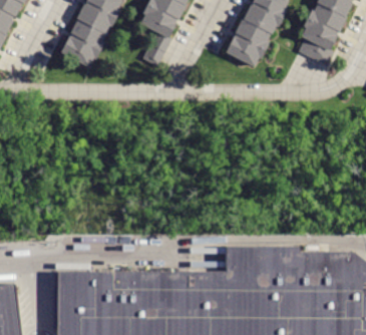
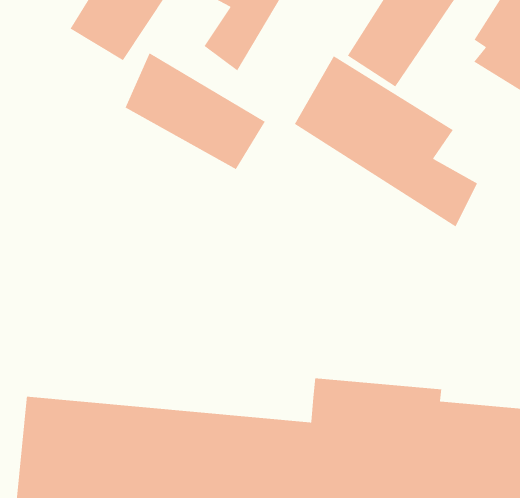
building: none -> [294,55,478,227]
building: none -> [124,52,266,170]

